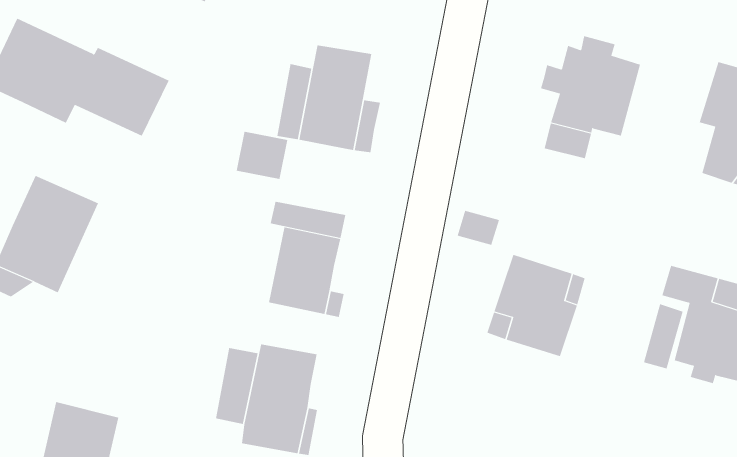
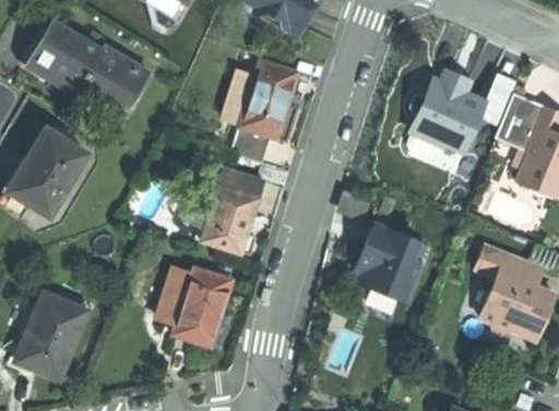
building: none -> [496,94,539,146]
building: [236,131,288,179] -> [228,126,267,163]

